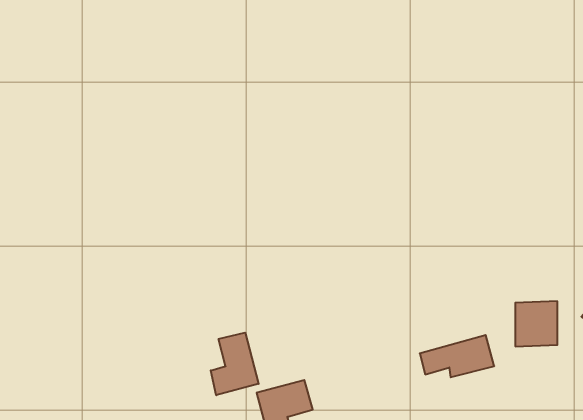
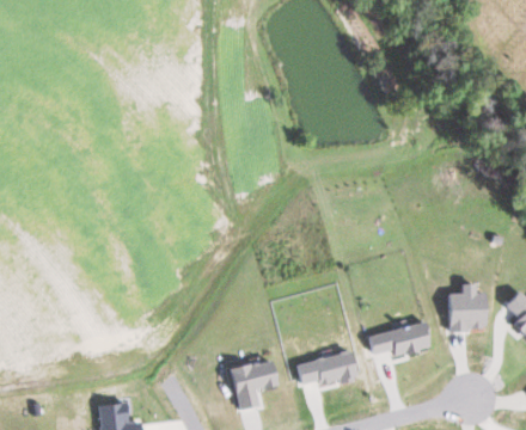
building: [211,333,259,395] -> none
building: none -> [296,351,356,386]

